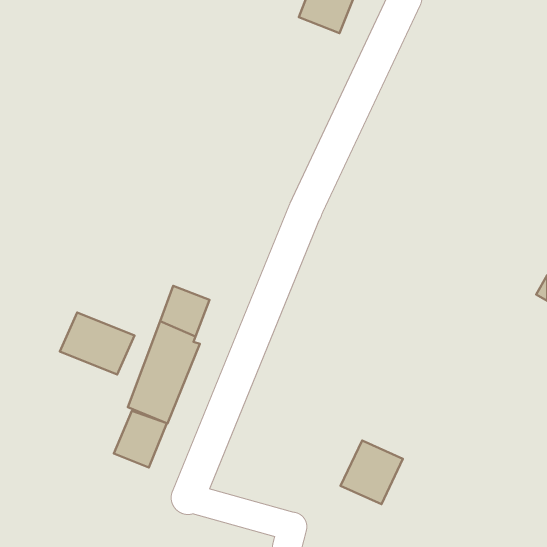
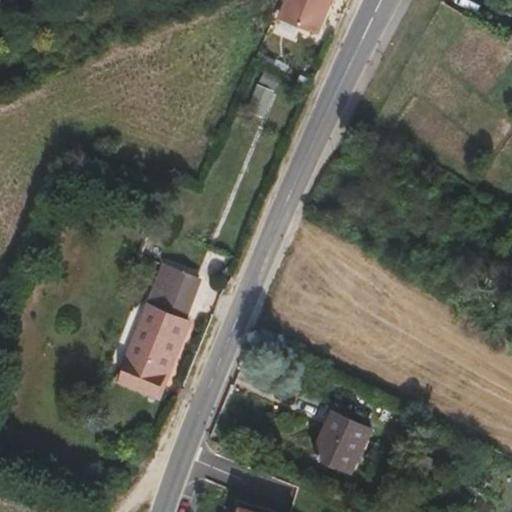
building: [60,312,134,375] -> none
building: [114,411,167,468] -> none

